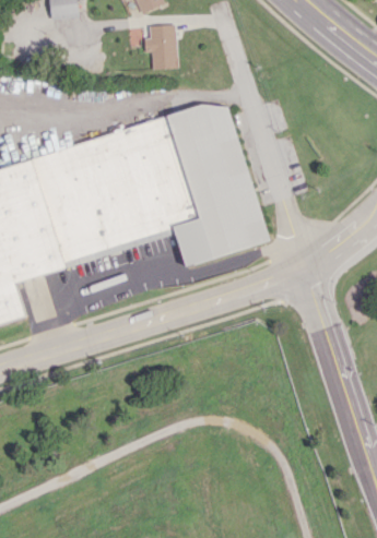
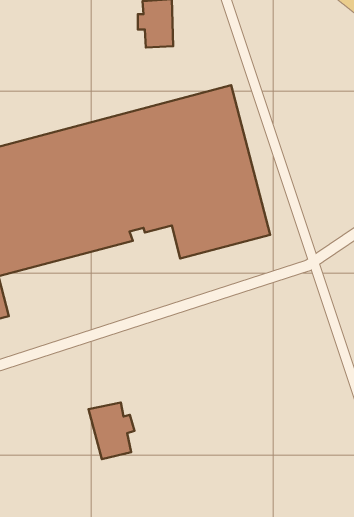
building: none -> [89,403,135,459]

